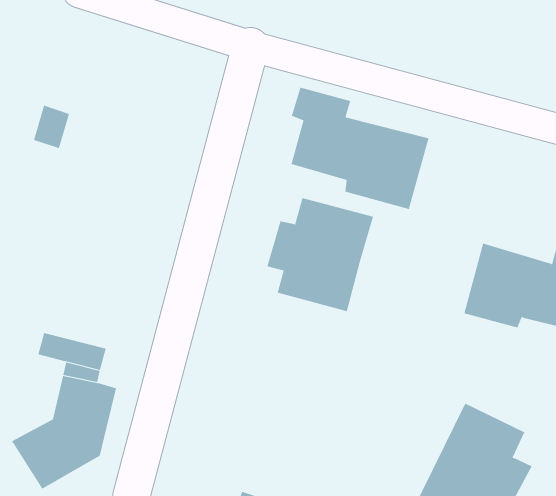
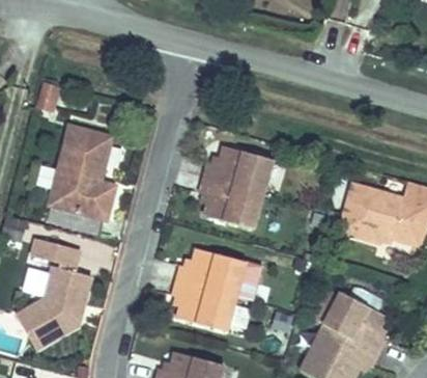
building: [291,87,429,210] -> none
building: none -> [41,130,110,221]
building: none -> [173,249,247,332]

